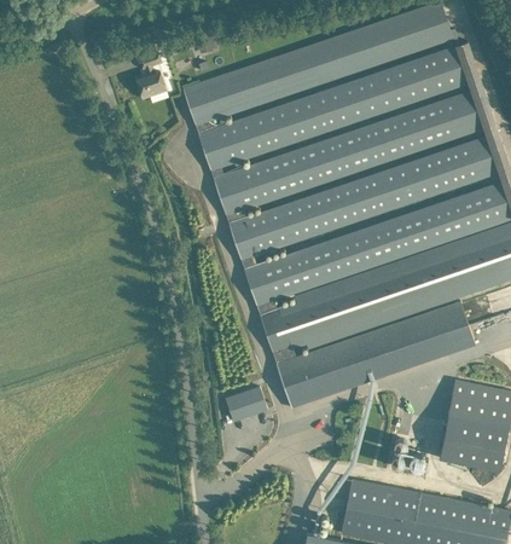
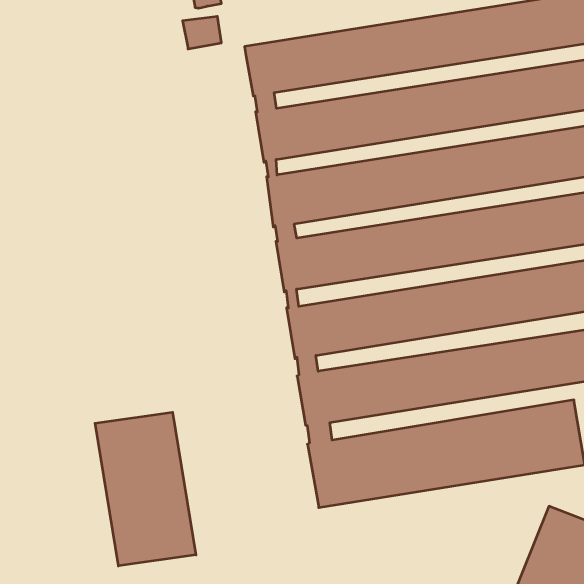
building: none -> [95,412,196,566]
building: [226,386,268,421] -> none

